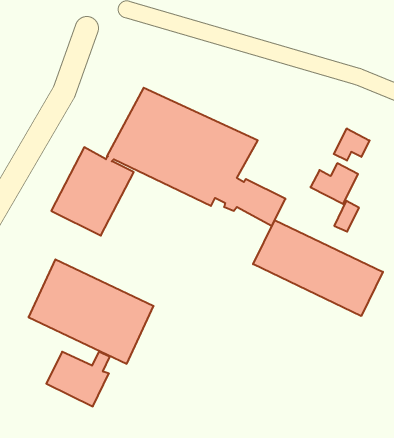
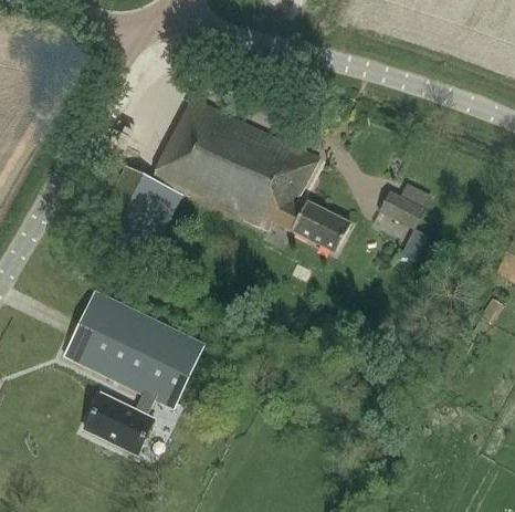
building: [334,128,370,161] -> none
building: [253,220,383,316] -> none

